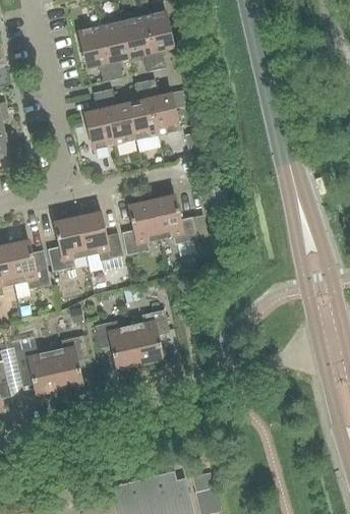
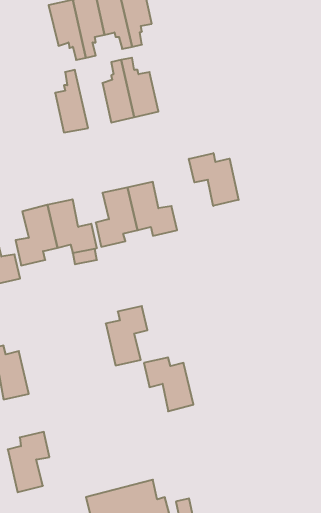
building: [102,89,135,145] -> none
building: none -> [189,153,239,206]
building: [94,321,139,370] -> [144,357,193,411]
building: [50,335,89,391] -> [8,432,49,492]

